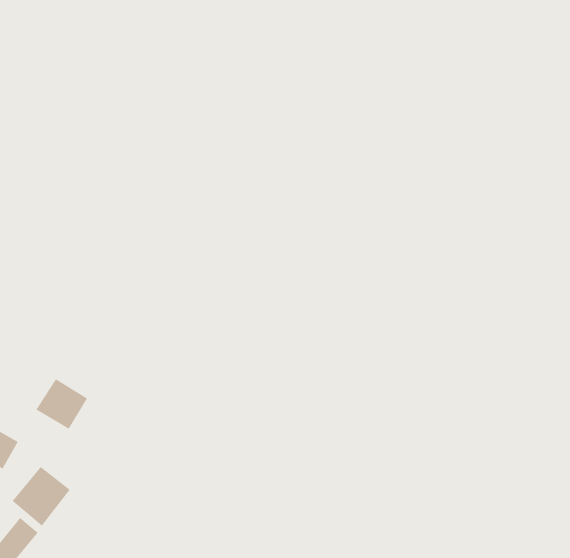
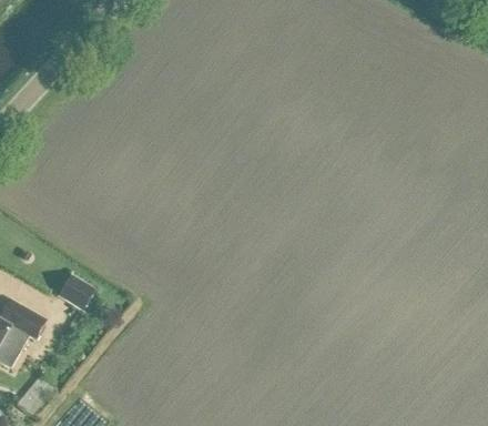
building: [12,466,71,526] -> none

